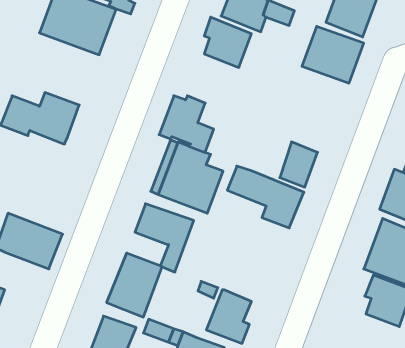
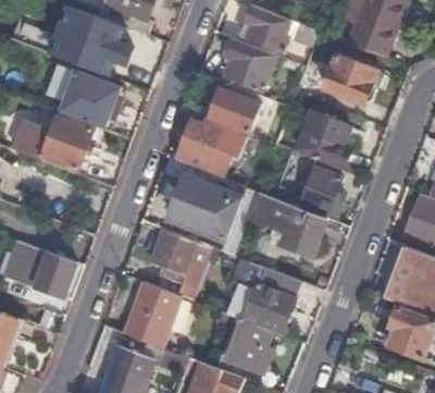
building: none -> [58,70,120,126]
building: none -> [208,88,257,133]
building: none -> [296,112,348,168]
building: none -> [243,266,296,335]

